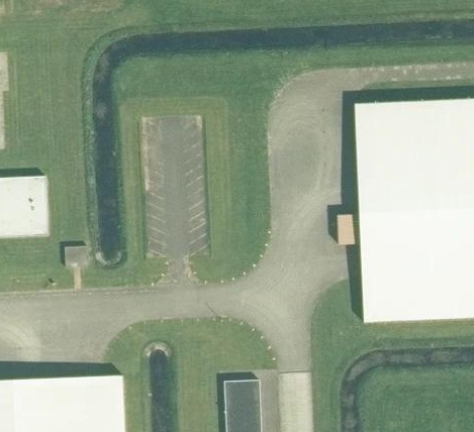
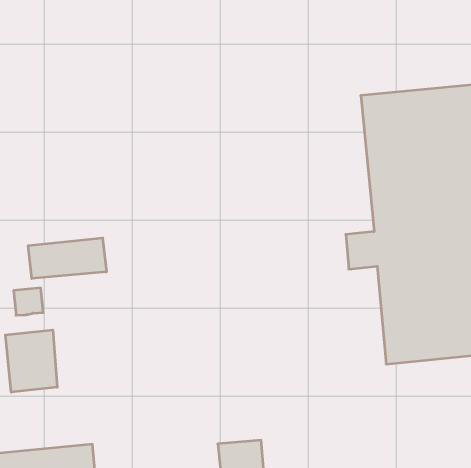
building: none -> [28,238,106,279]
building: none -> [5,330,57,392]

